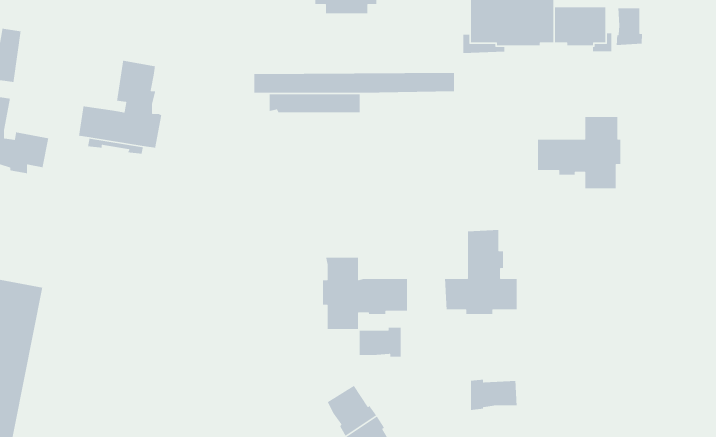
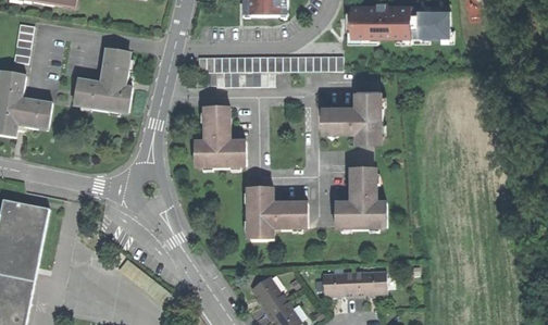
building: [616,8,643,46] -> none
building: [537,116,621,189] -> [323,88,383,140]
building: none -> [194,107,246,166]
building: [359,327,402,357] -> [322,275,352,297]

